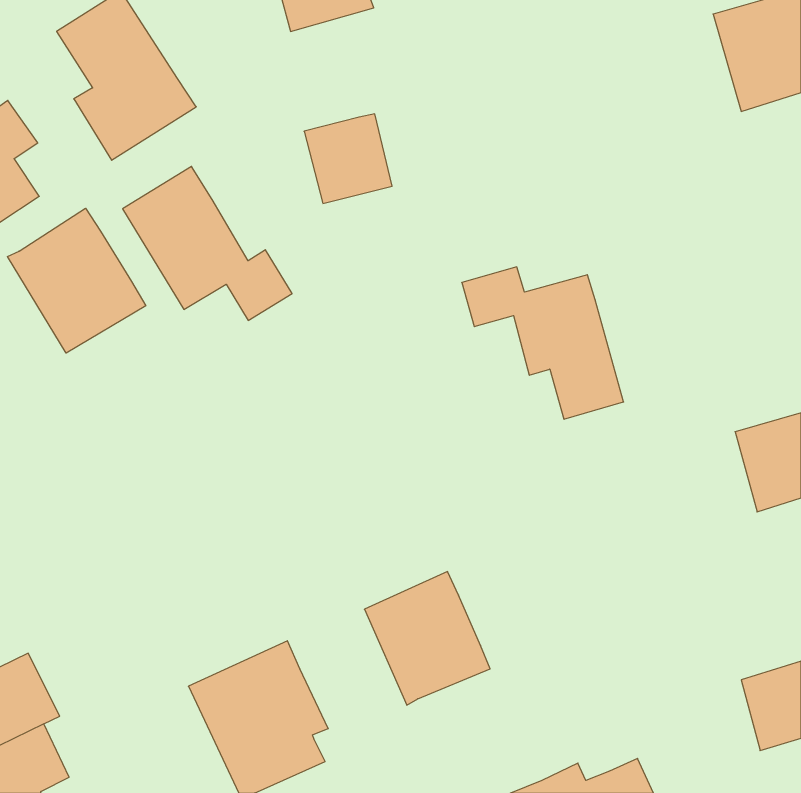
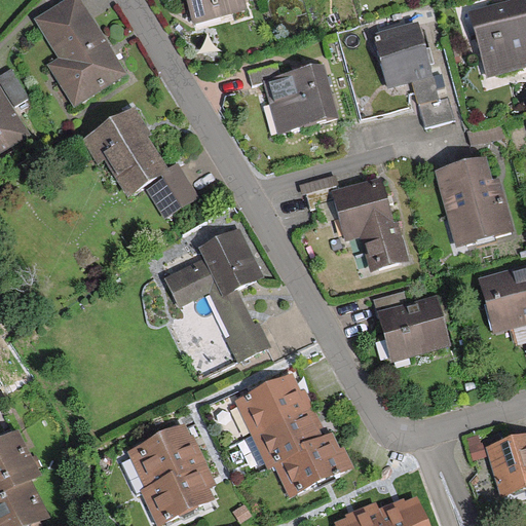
building: none -> [371,24,453,122]
building: [304,114,392,203] -> [266,70,324,128]
building: [7,208,146,353] -> none
building: none -> [438,159,517,248]
building: none -> [162,225,271,358]
building: none -> [380,303,453,365]
building: none -> [273,433,348,494]

